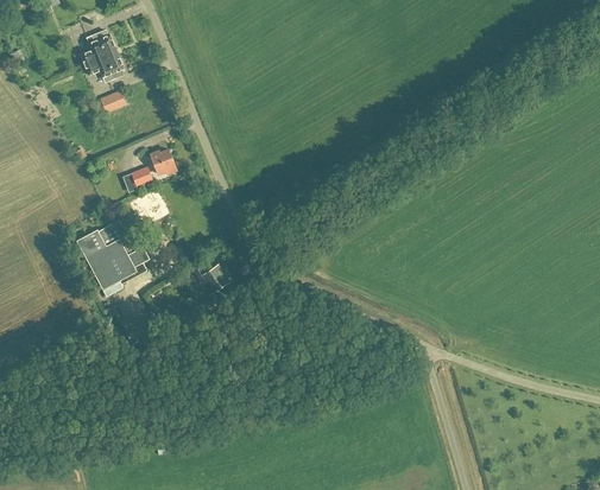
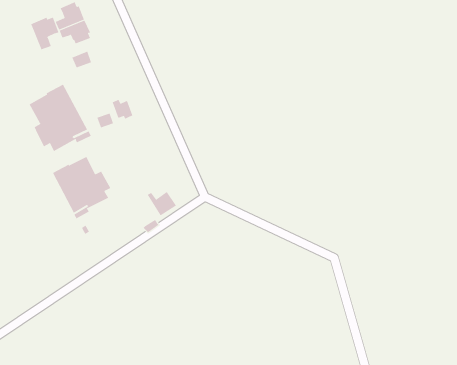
building: none -> [30,17,59,50]
building: none -> [29,84,91,152]

